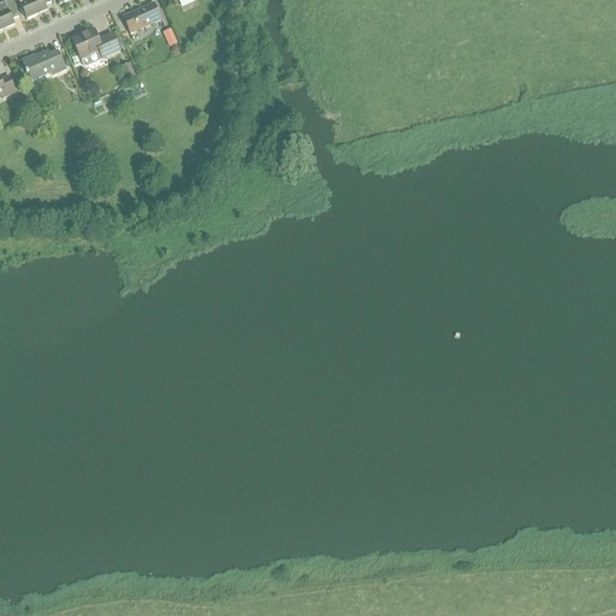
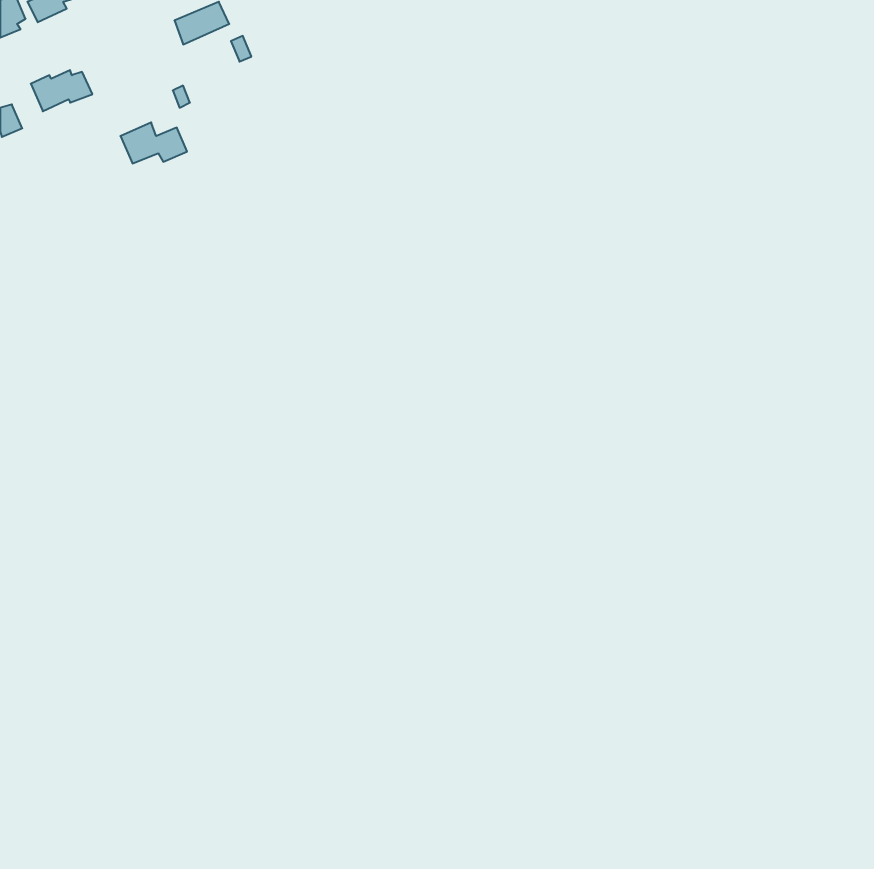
building: [72,28,119,57] -> [120,122,187,163]

